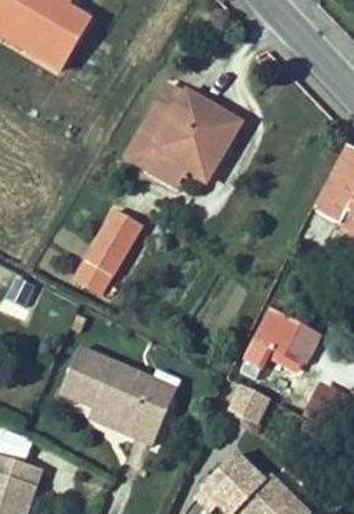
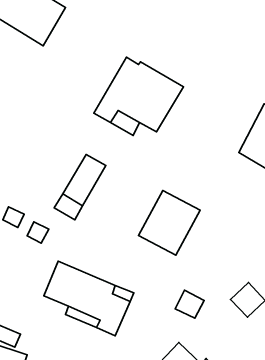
building: [239,310,319,394] -> [138,191,200,255]

